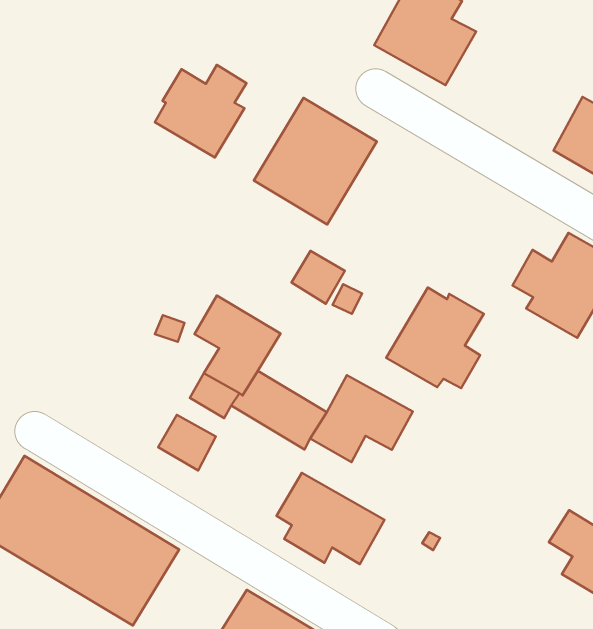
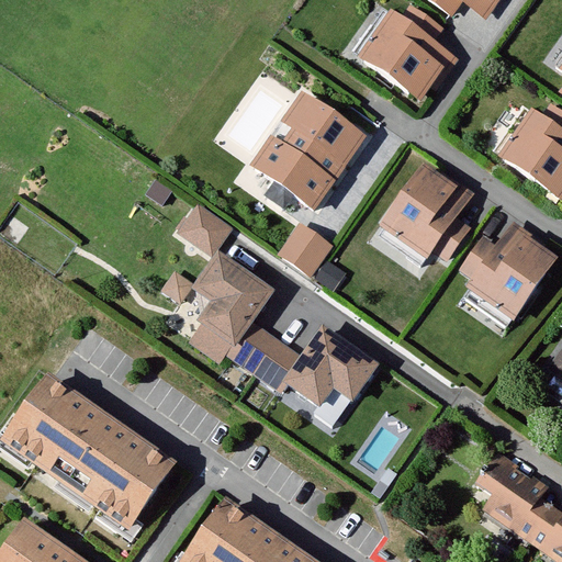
building: [155,65,246,157] -> none
building: none -> [175,205,226,257]
building: [386,287,484,388] -> [387,169,471,255]
building: [158,415,216,470] -> none
building: [277,473,384,564] -> none

